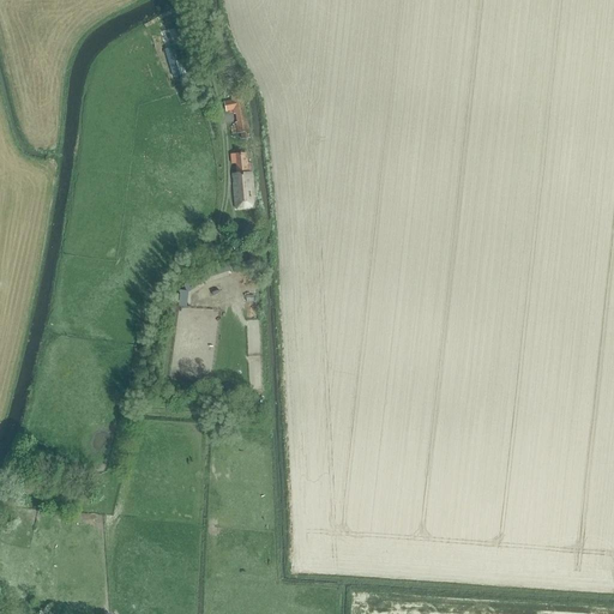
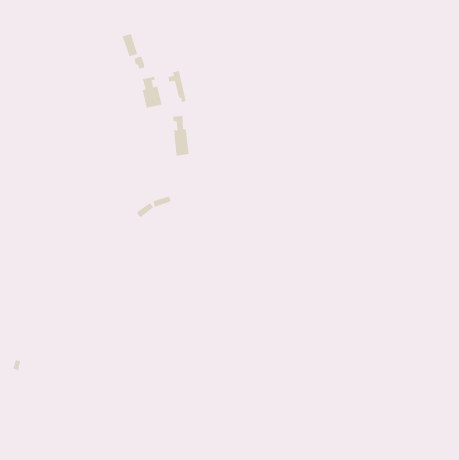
building: none -> [142,76,162,108]

